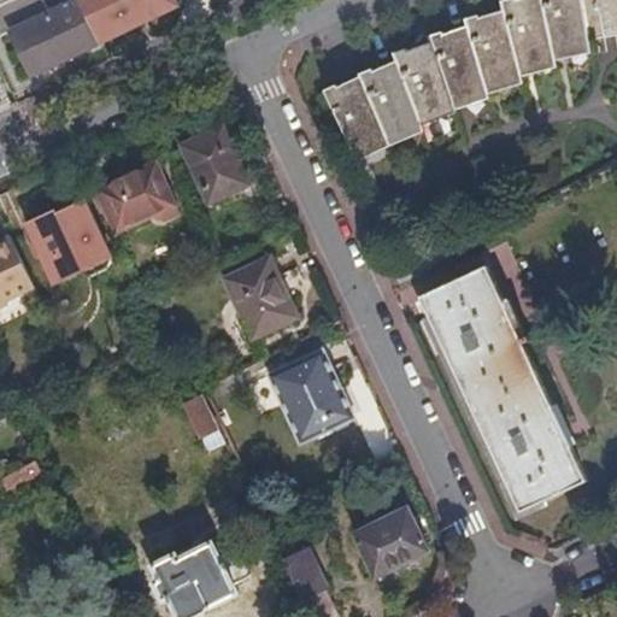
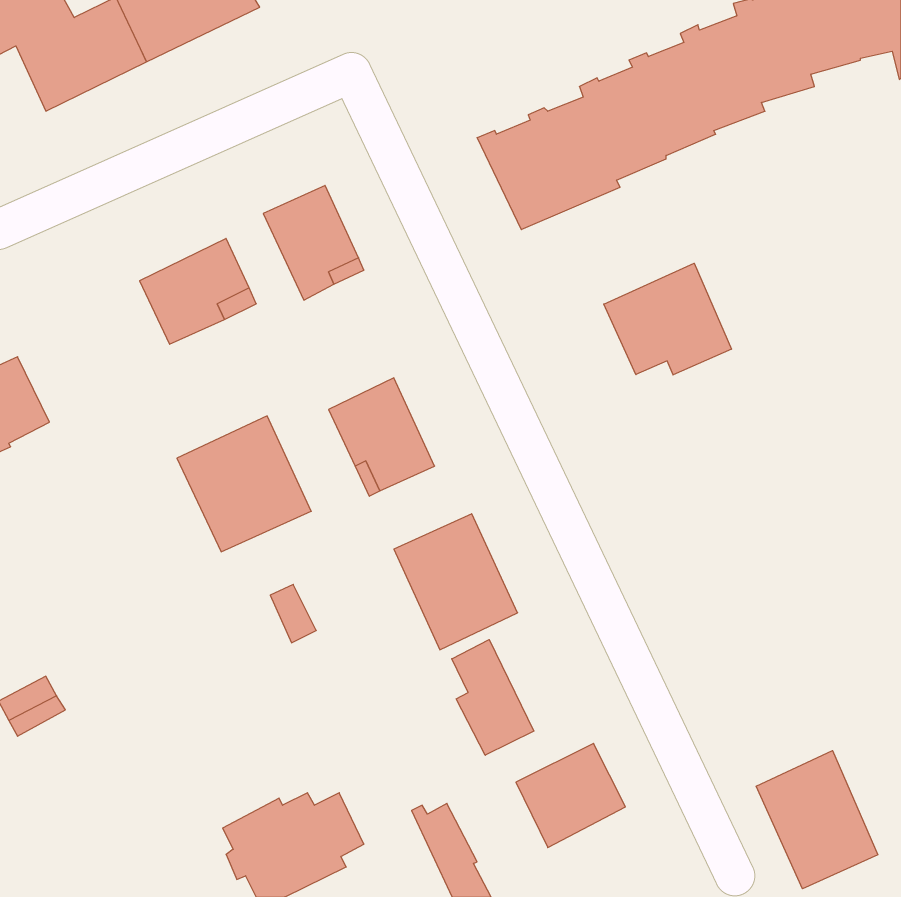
building: none -> [604,263,731,375]
building: [28,194,119,287] -> [177,416,311,552]
building: [419,265,582,511] -> none
building: none -> [452,640,534,755]
building: none -> [756,751,878,889]

